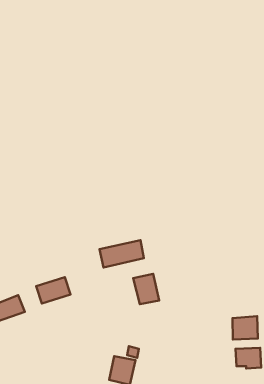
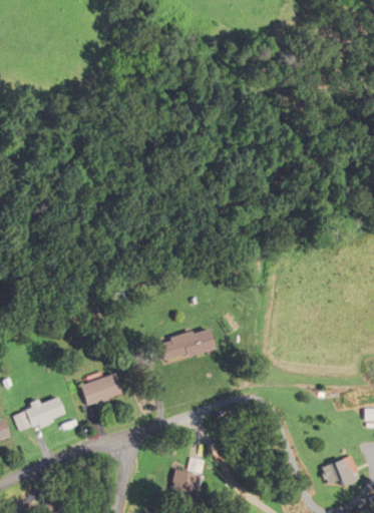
building: [133,274,159,304] -> none
building: [232,316,258,339] -> none

